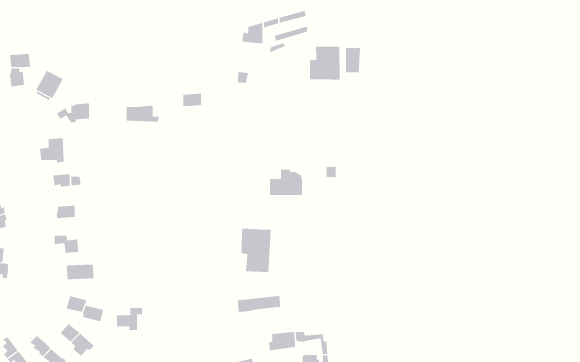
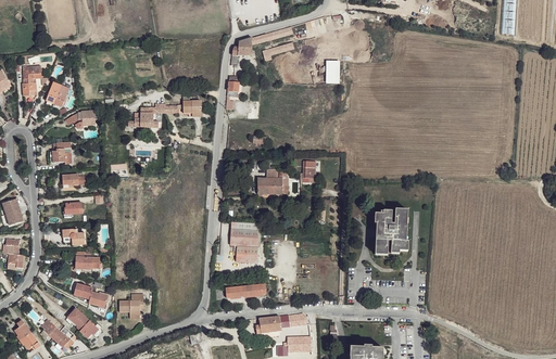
building: [310,46,340,80] -> none
building: none -> [376,210,408,254]

